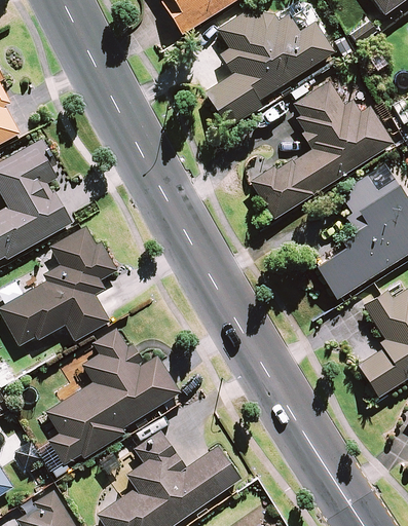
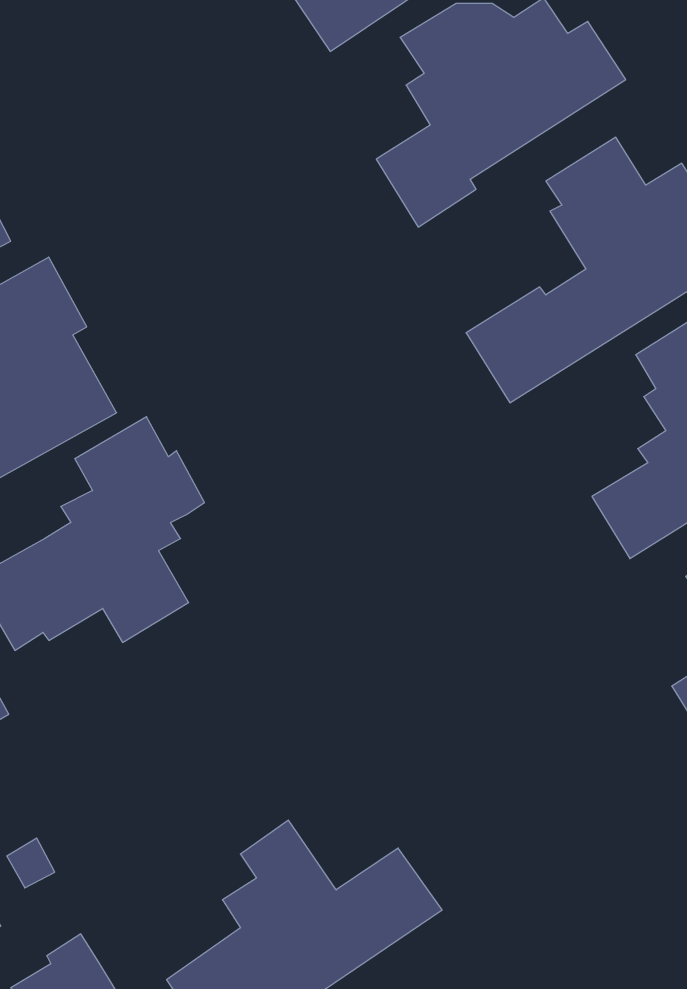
building: [46,327,180,466] -> none

